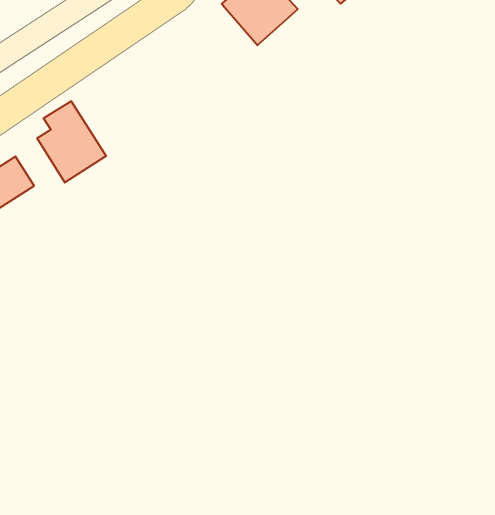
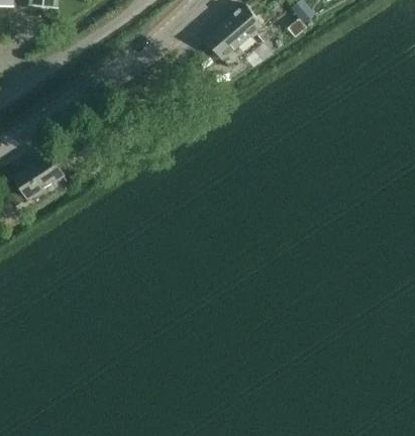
building: [37,101,106,183] -> none

